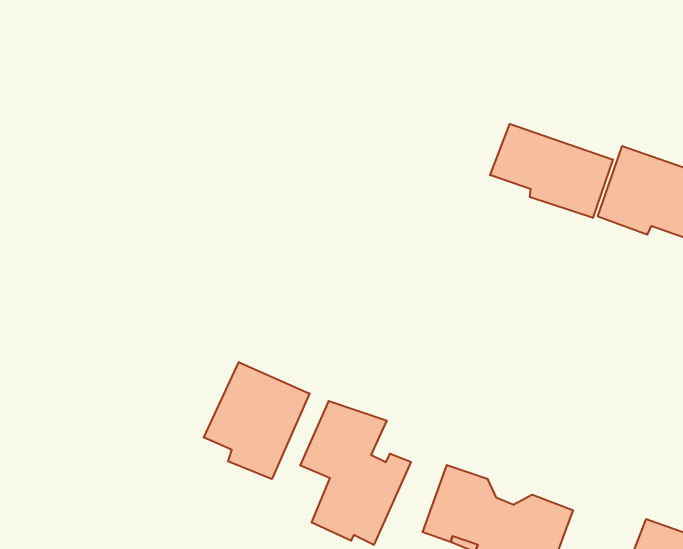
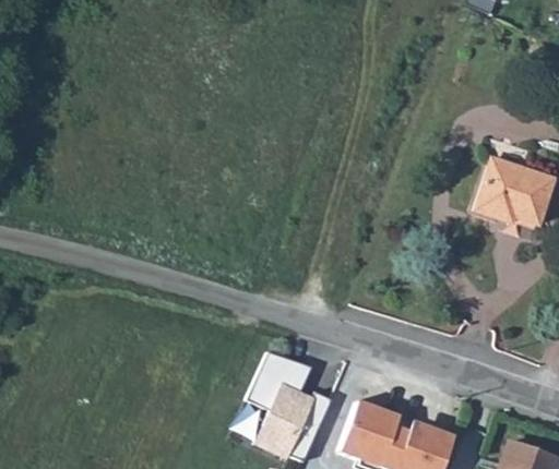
building: [490,124,613,218] -> none
building: [204,362,310,479] -> none

